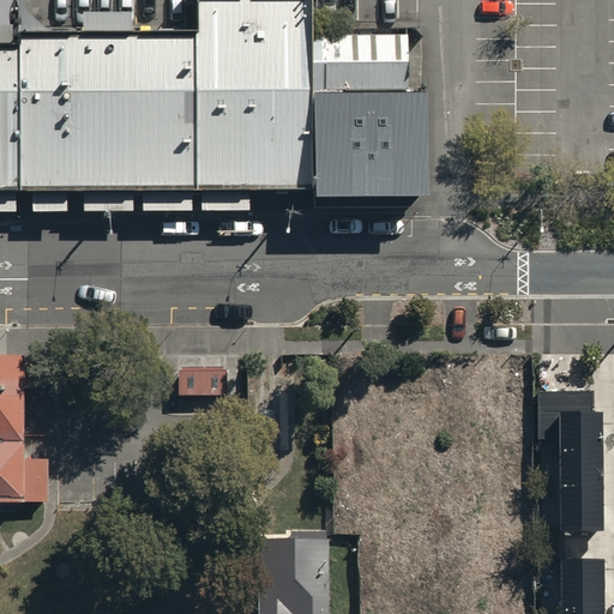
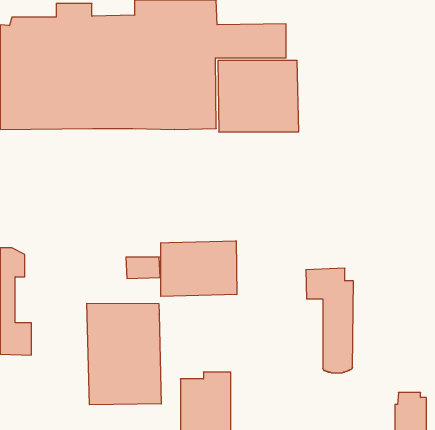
building: none -> [161,241,237,296]
building: [537,391,604,538] -> [306,268,353,373]
building: none -> [87,303,161,405]

